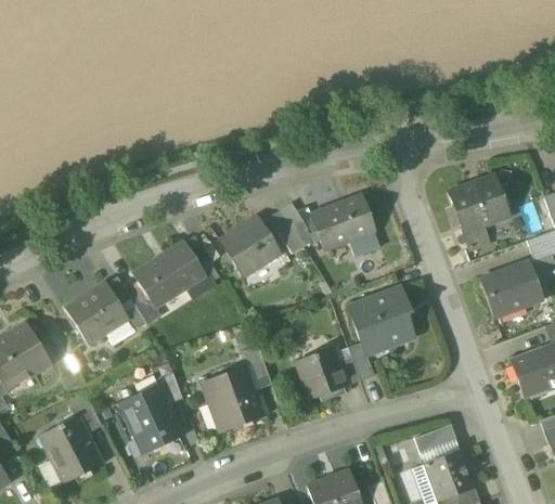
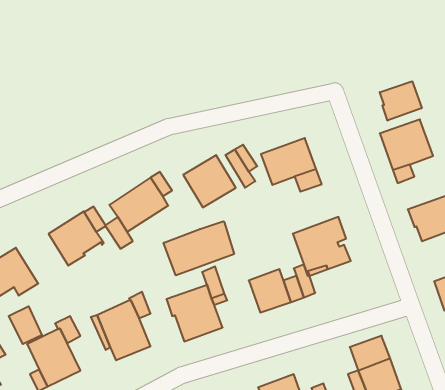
building: none -> [380,81,422,121]
building: none -> [164,221,234,275]
building: none -> [9,306,42,344]

